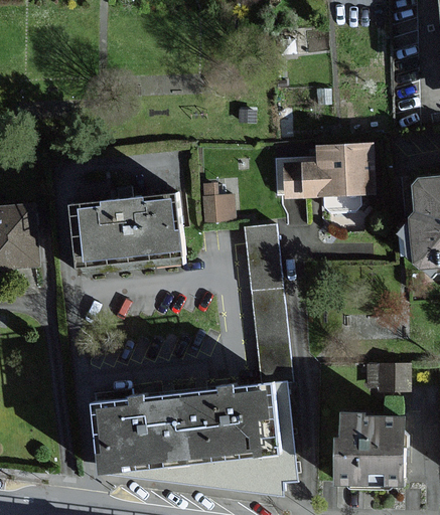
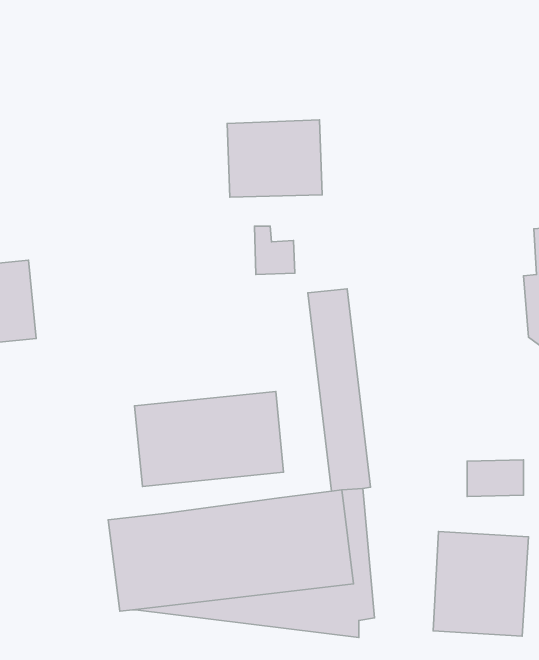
building: none -> [227,120,322,197]
building: [278,143,377,211] -> none
building: [66,193,181,267] -> [135,391,284,487]

